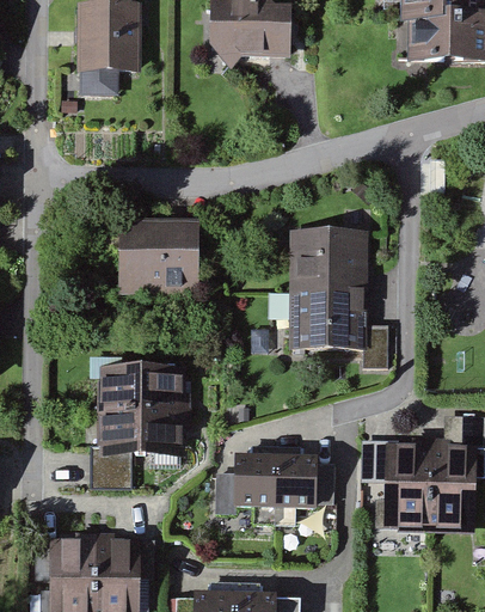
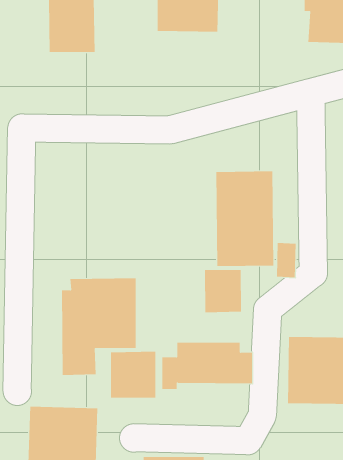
building: [115,222,194,295] -> none
building: none -> [205,269,242,313]
building: none -> [110,351,156,398]

